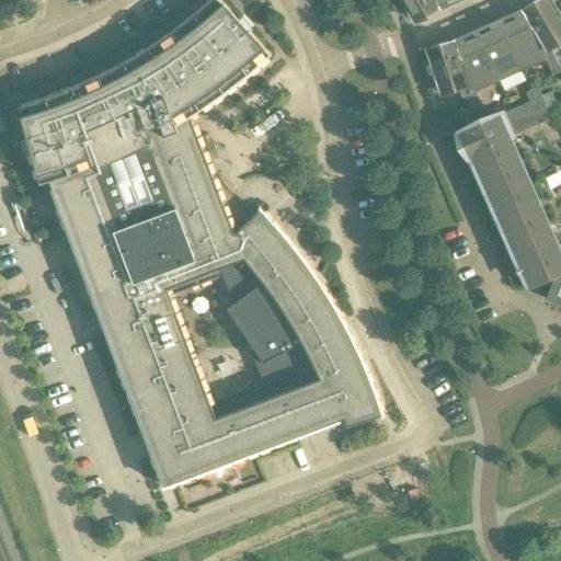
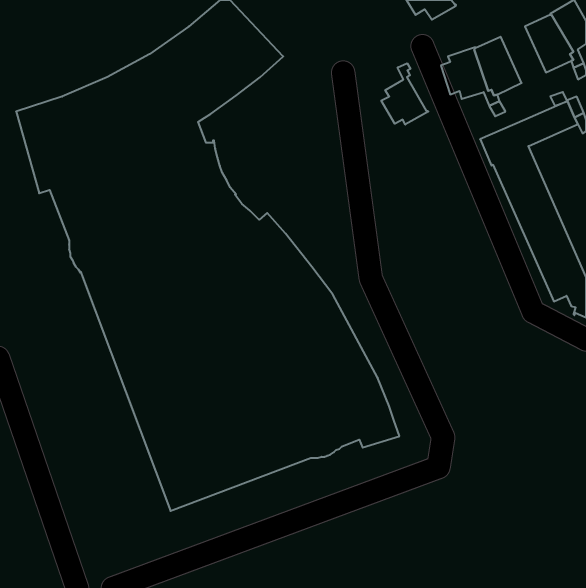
building: [477,25,519,79] -> none
building: none -> [381,63,428,125]

